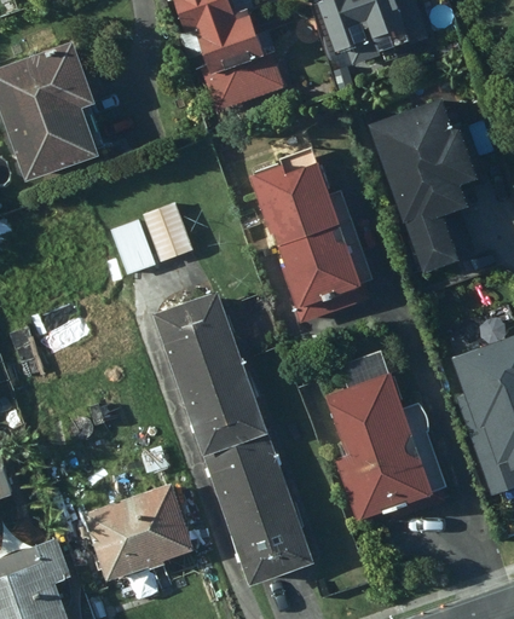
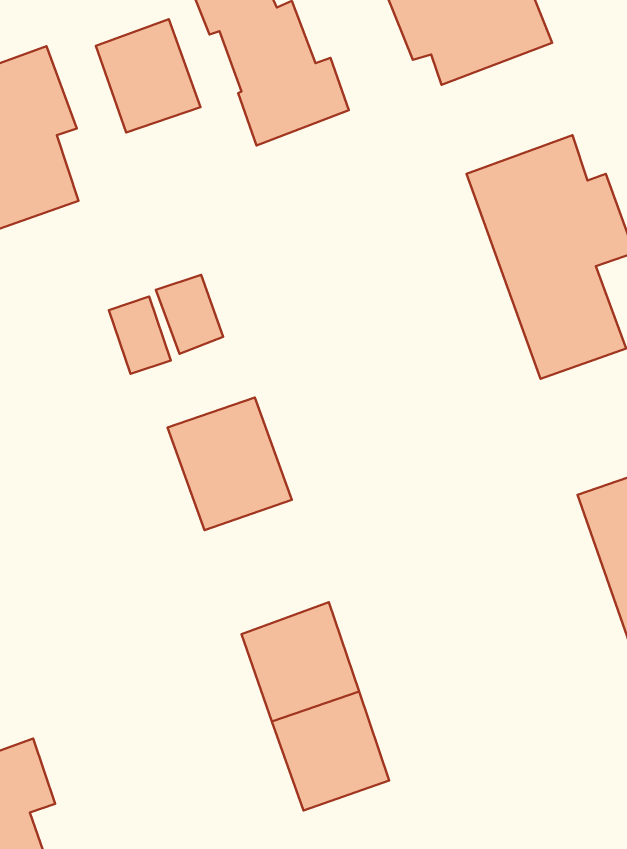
building: none -> [96,19,200,132]
building: [246,145,370,320] -> none
building: [180,365,270,462] -> none
building: [324,372,427,519] -> none
building: [83,482,194,578] -> none

